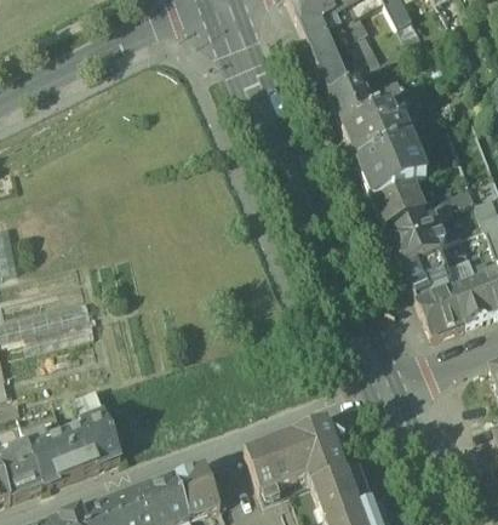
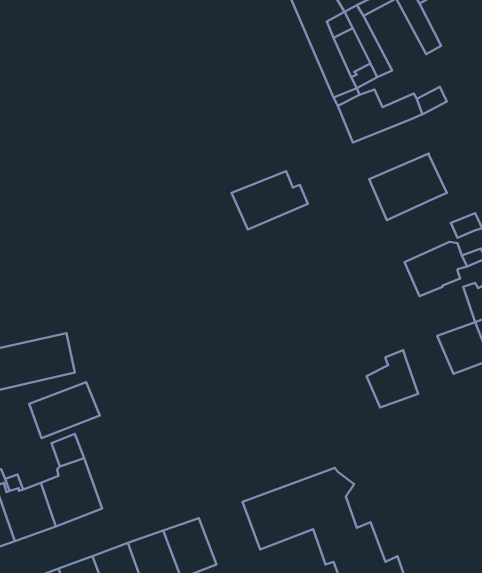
building: [343,108,411,160] -> [232,171,308,230]
building: [373,178,425,224] -> none
building: [406,249,452,299] -> [366,350,418,407]
building: none -> [29,382,100,438]

